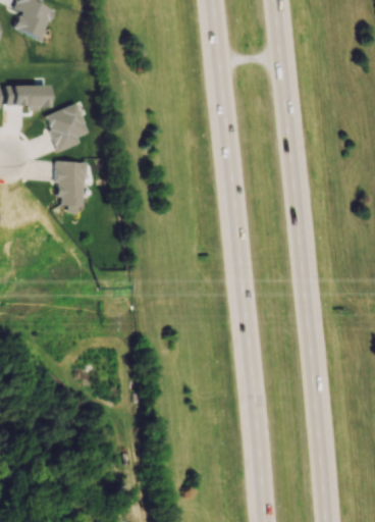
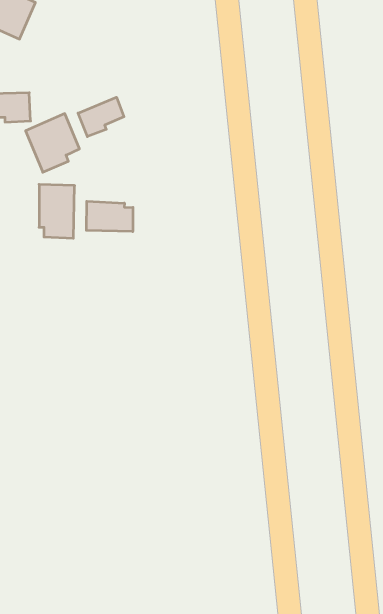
building: none -> [78,97,124,137]
building: none -> [86,201,133,232]

